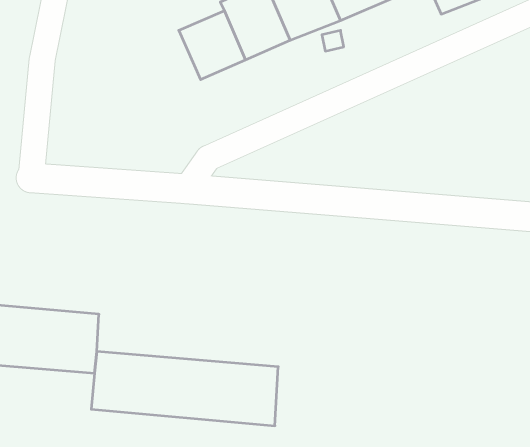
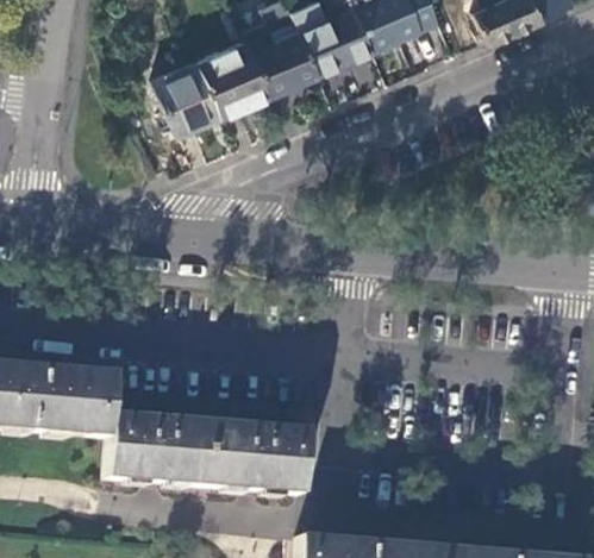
building: none -> [162,61,229,132]

